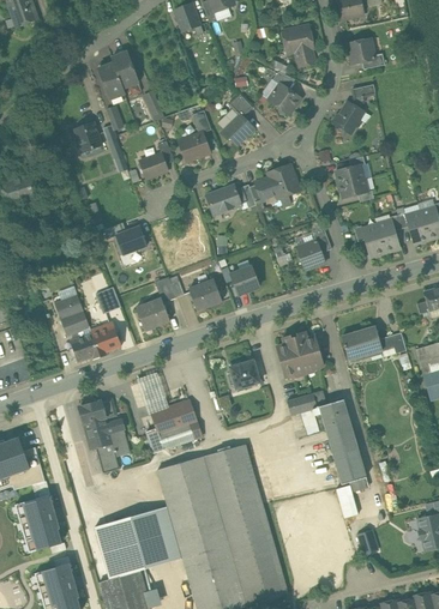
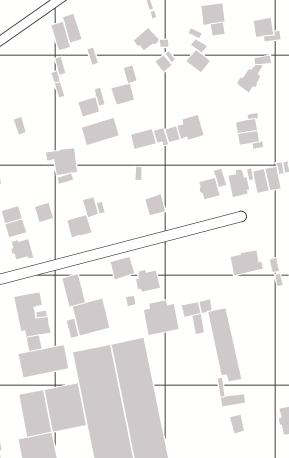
building: [221,114,253,144] -> [133,27,159,51]
building: [72,121,101,152] -> none
building: none -> [81,117,119,146]
building: none -> [228,169,250,198]
building: [188,278,221,309] -> [110,256,135,280]
building: [91,321,122,356] -> none
building: [276,331,323,376] -> [143,300,179,336]
building: none -> [18,344,69,378]

